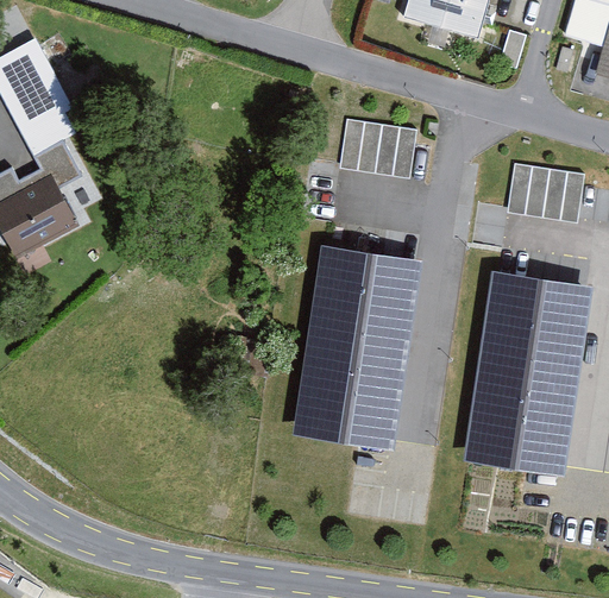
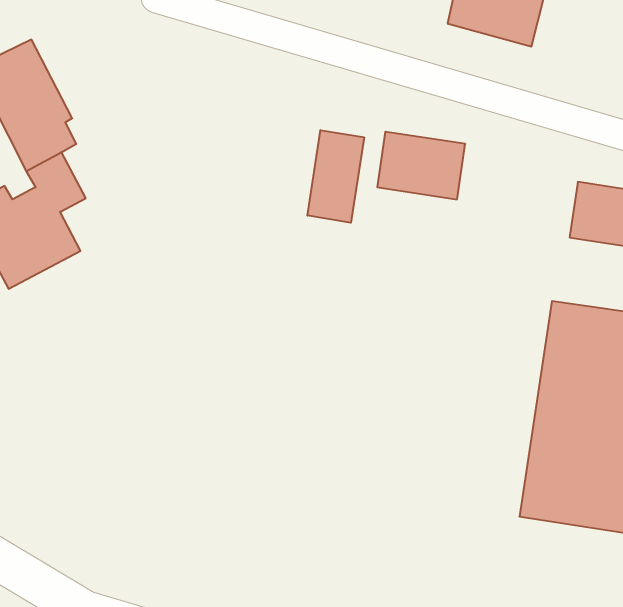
building: none -> [307,130,364,223]
building: [291,244,421,447] -> none

